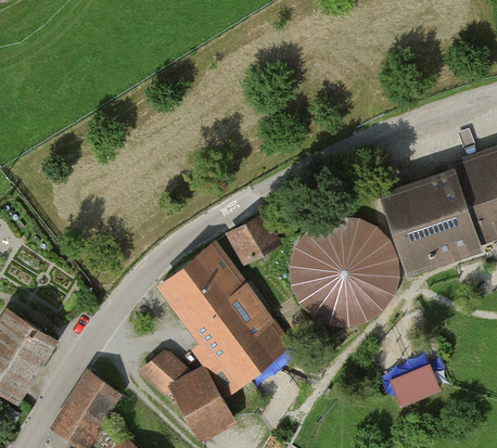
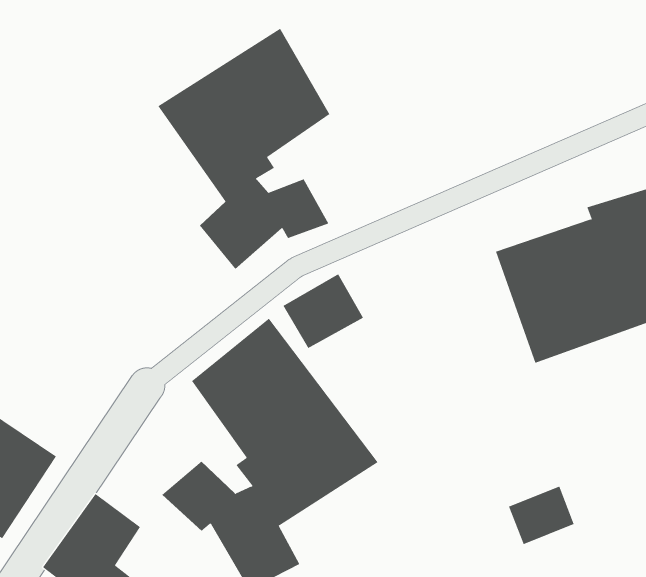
building: none -> [157,28,330,270]
building: [291,218,403,329] -> none

